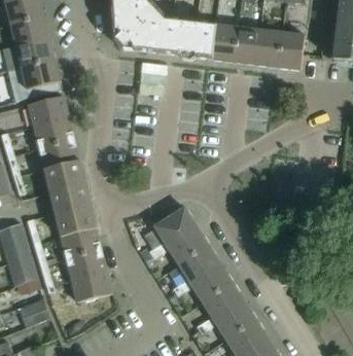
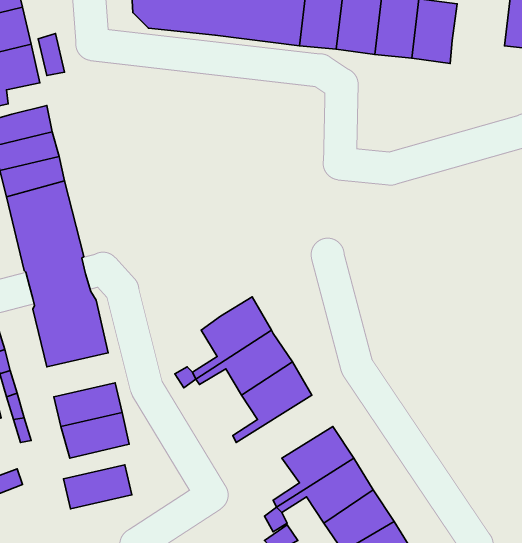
building: [64,239,104,264] -> [63,465,132,509]
building: [175,263,232,300] -> none

